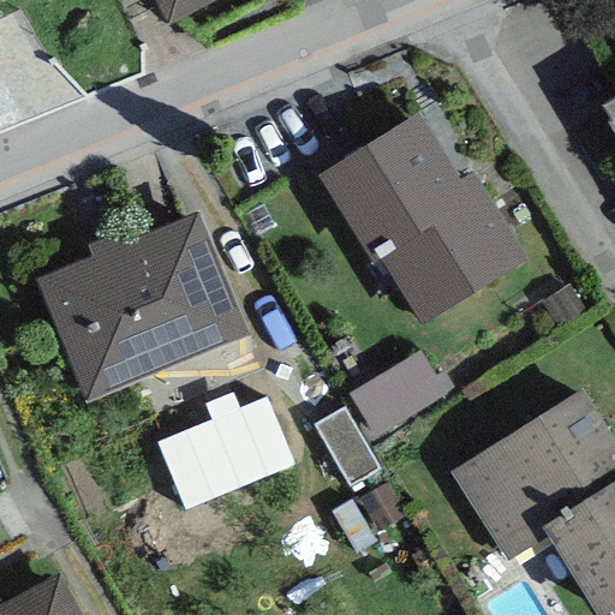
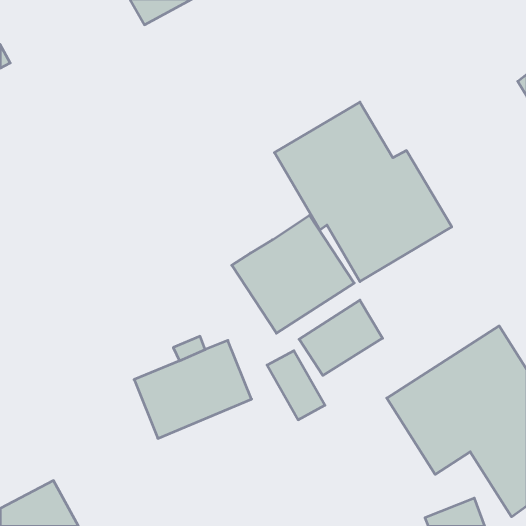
building: [36,209,250,399] -> none
building: none -> [232,215,354,333]

